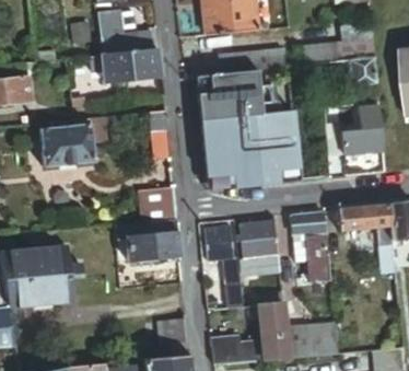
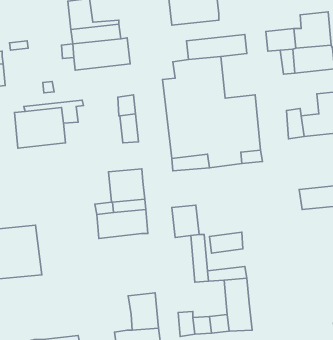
building: [291,211,330,281] -> none
building: [241,222,279,259] -> none
building: [287,324,339,359] -> none

